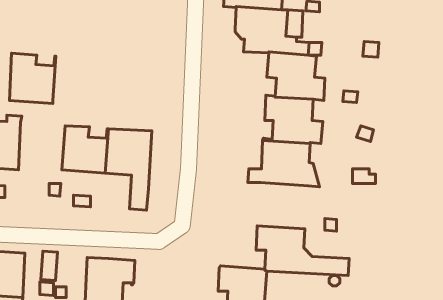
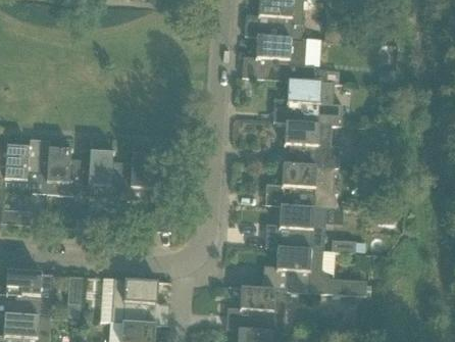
building: [9,53,56,104] -> [45,147,90,196]
building: none -> [263,205,324,250]

